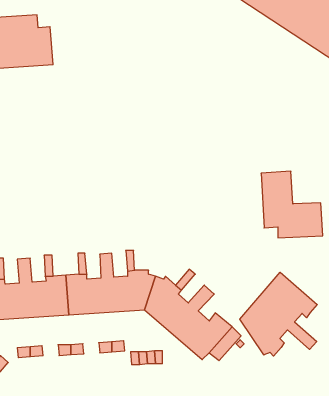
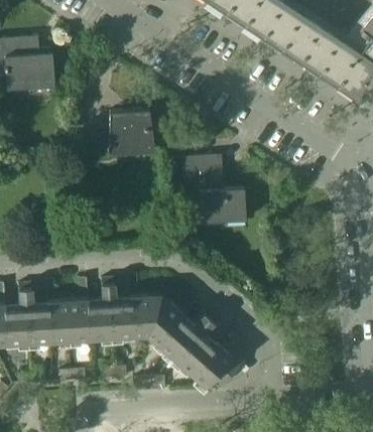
building: none -> [94,110,156,165]
building: [261,171,323,238] -> [185,160,248,228]
building: [240,272,317,356] -> none

